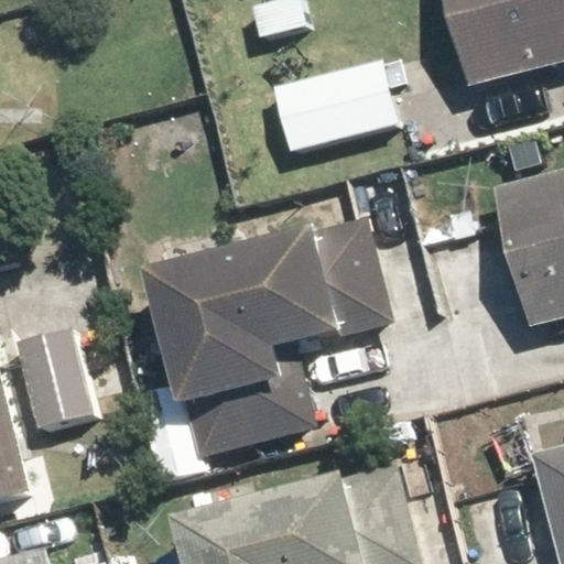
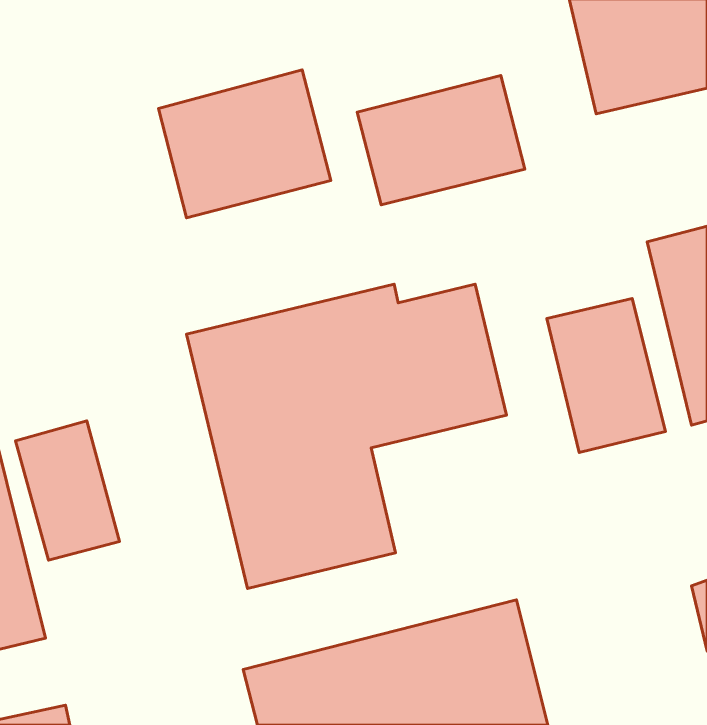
building: none -> [159,70,331,218]
building: none -> [547,299,665,452]

